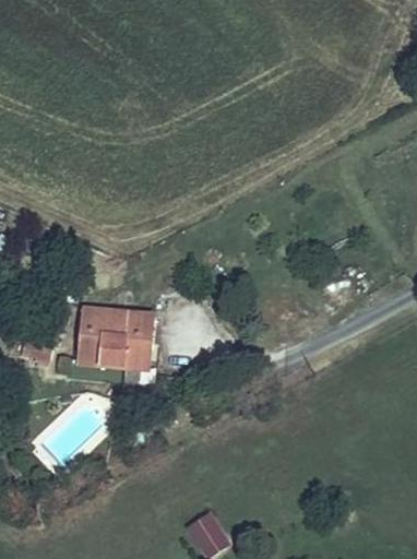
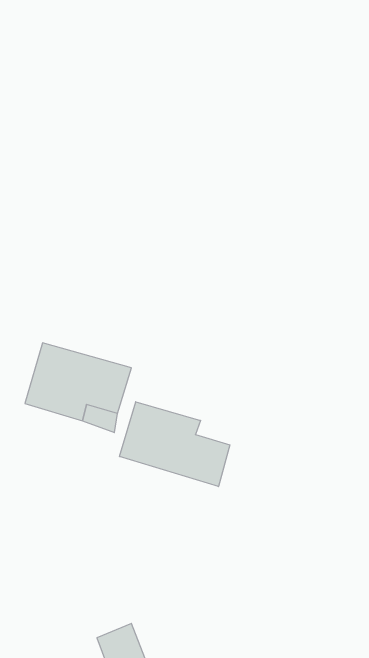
building: none -> [120,402,230,487]

